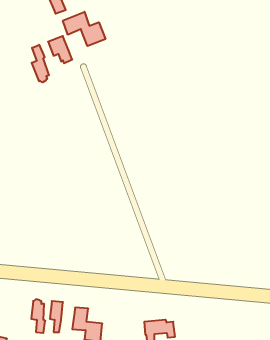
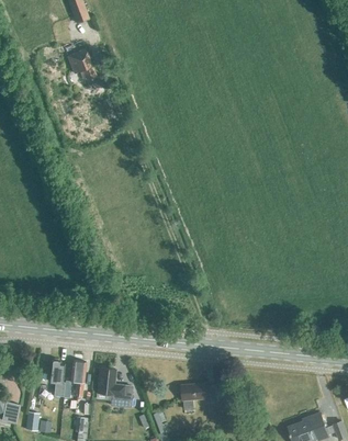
building: [63,12,105,46] -> none
building: [32,45,49,82] -> none

